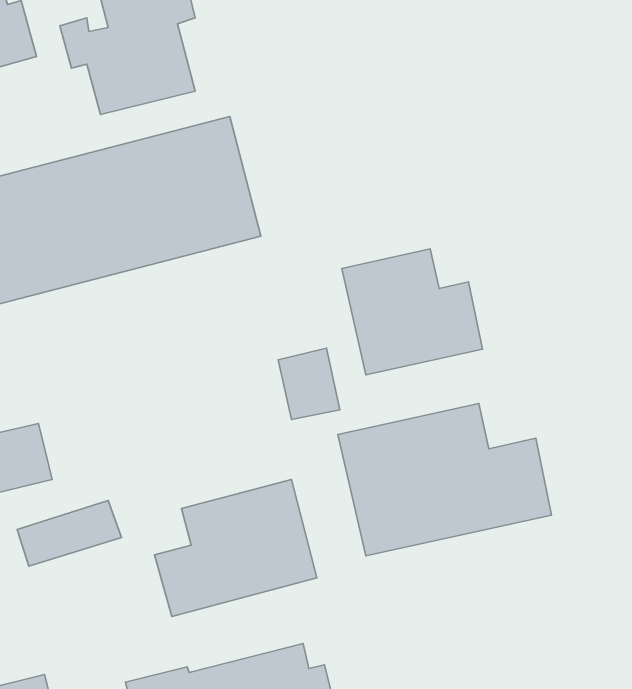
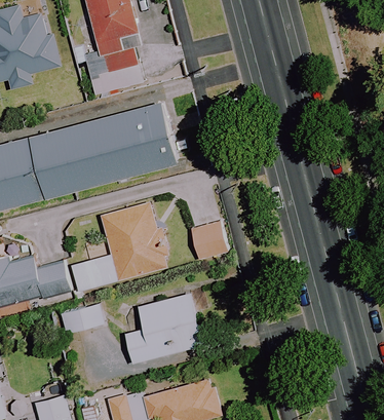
building: [342,249,483,375] -> none
building: none -> [69,202,170,292]
building: [338,403,552,556] -> none

